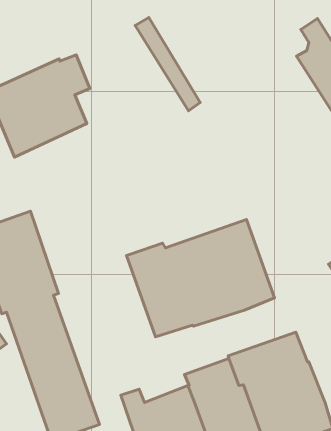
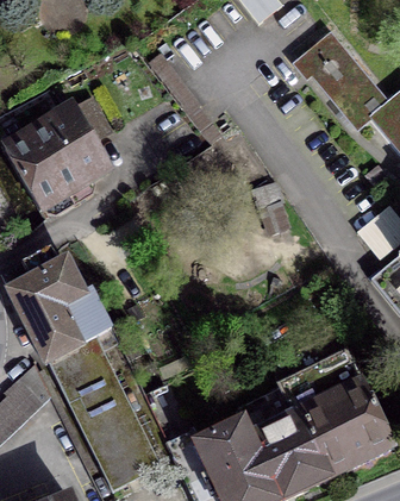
building: [126,220,275,337] -> none

